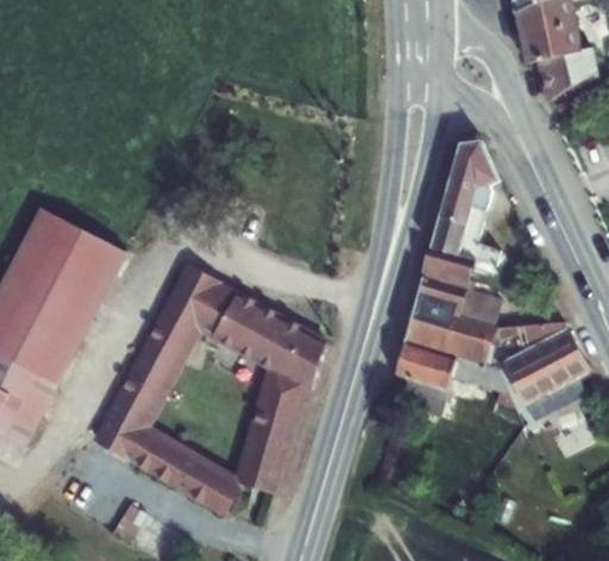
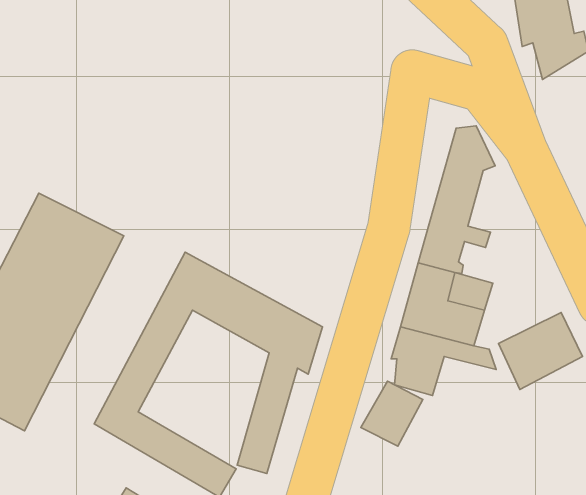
building: [489,322,566,359] -> none
building: none -> [361,381,423,446]

